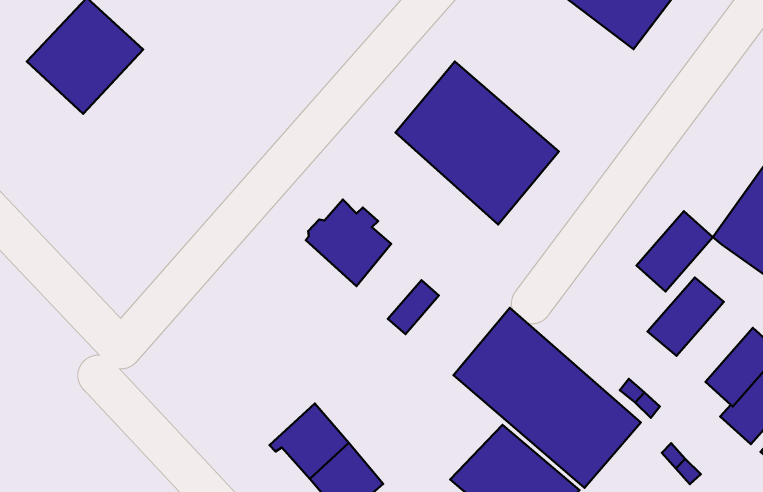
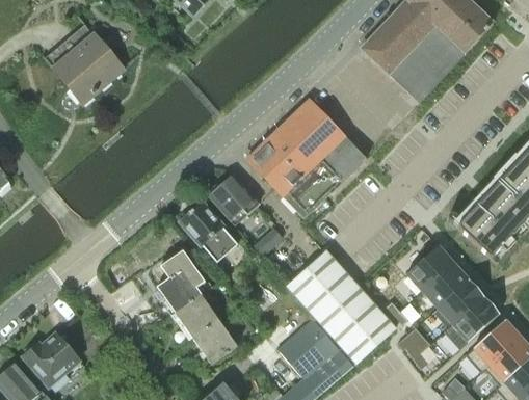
building: none -> [246,136,324,217]
building: [636,211,713,291] -> [422,261,470,308]
building: none -> [180,202,237,261]
building: none -> [157,249,209,315]

